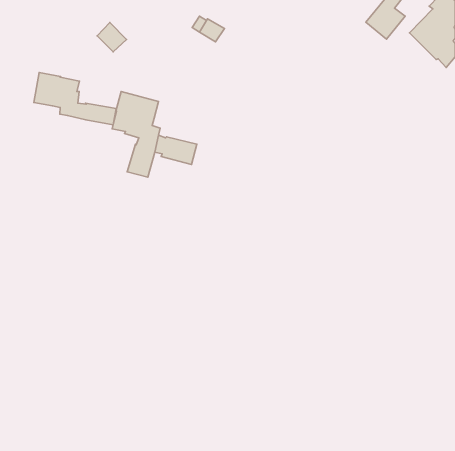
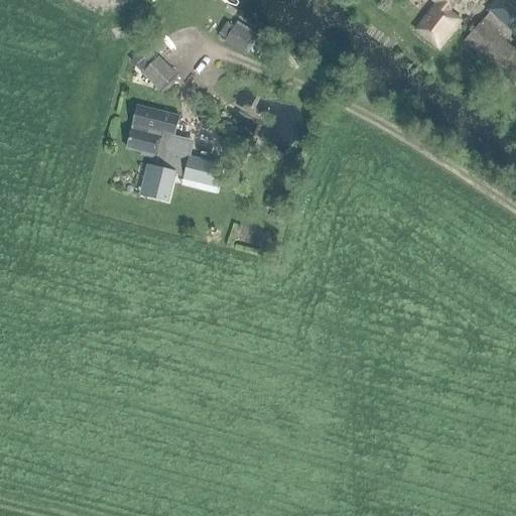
building: [97,23,127,52] -> [141,54,174,88]
building: [34,73,116,125] -> none

